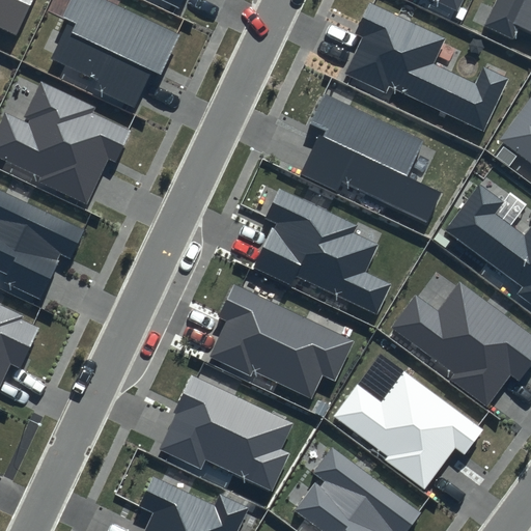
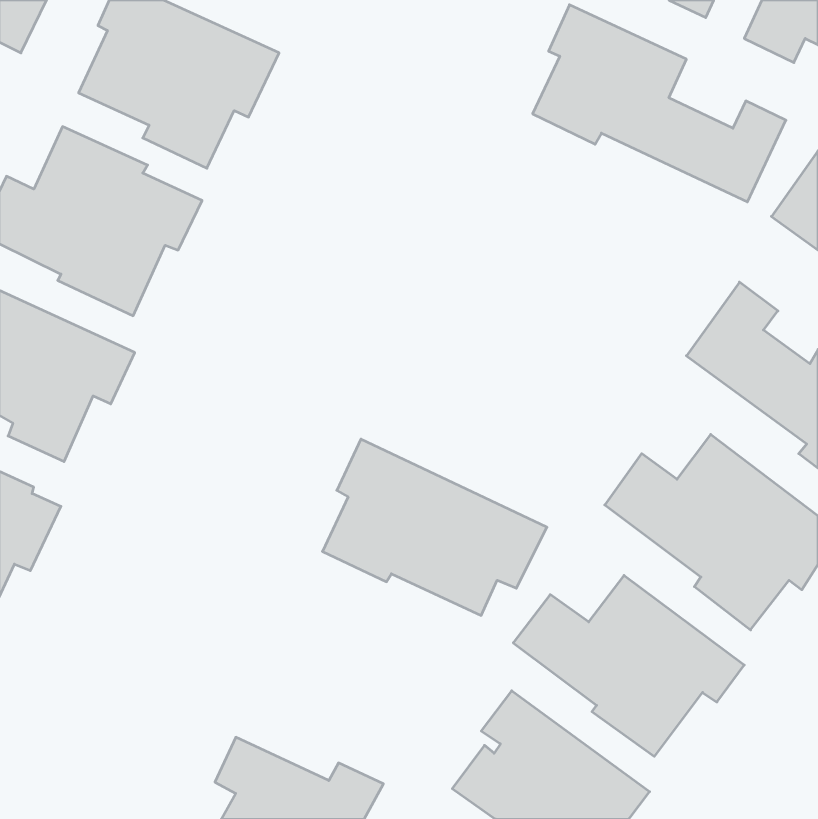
building: [298,93,440,222] -> none
building: [252,188,389,313] -> none
building: [159,374,292,491] -> none

